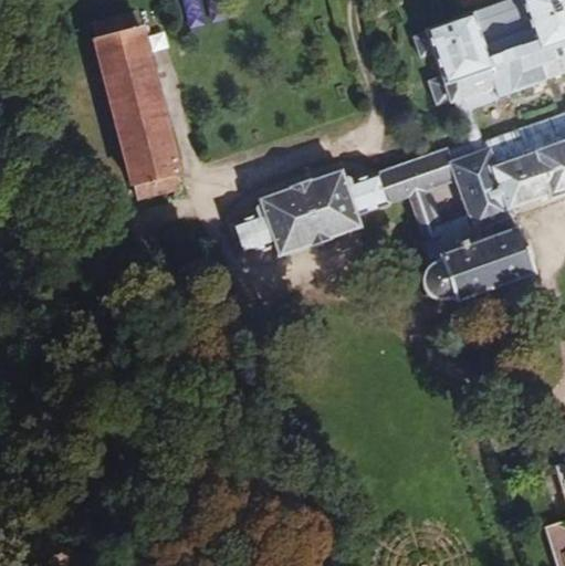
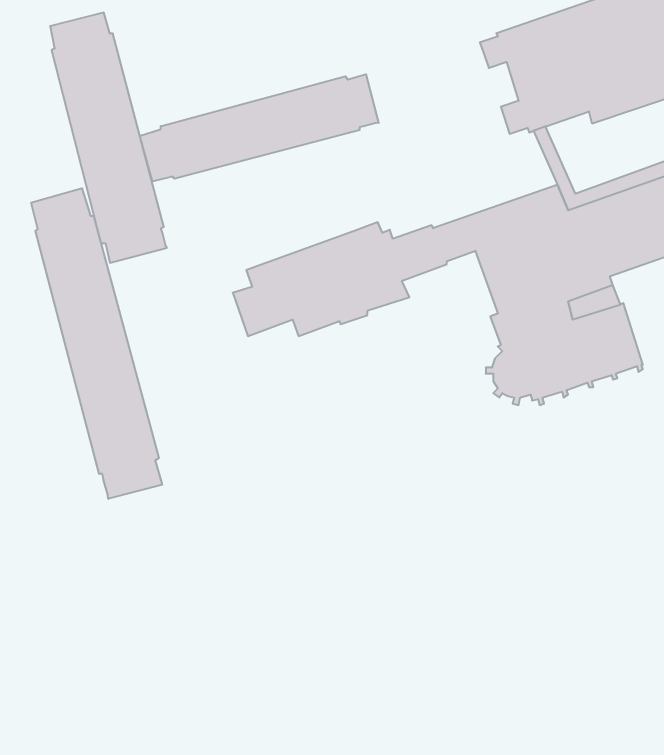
building: none -> [140,74,379,182]
building: none -> [31,188,162,499]

